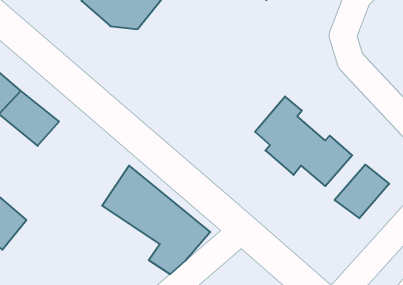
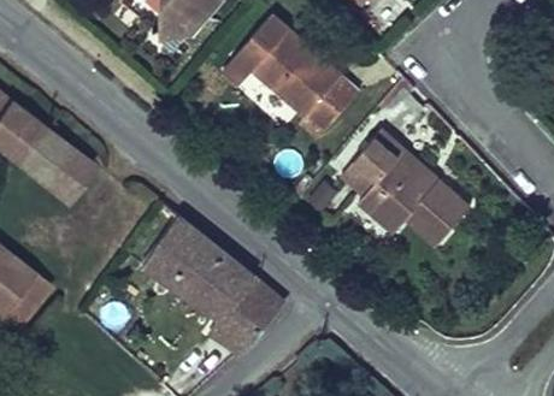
building: none -> [222,17,358,132]
building: [335,165,389,218] -> none

